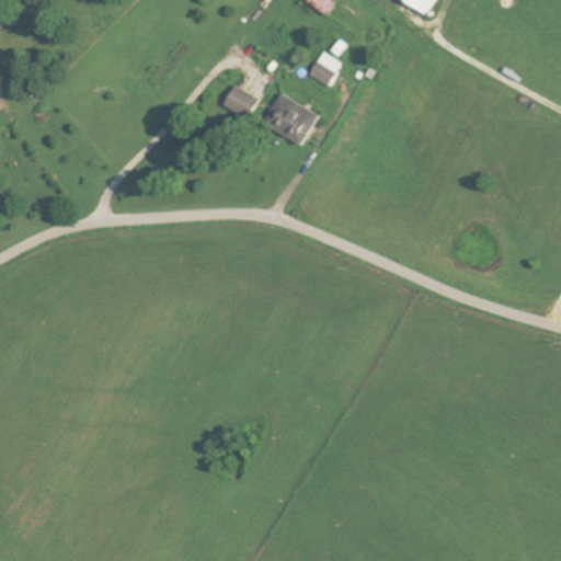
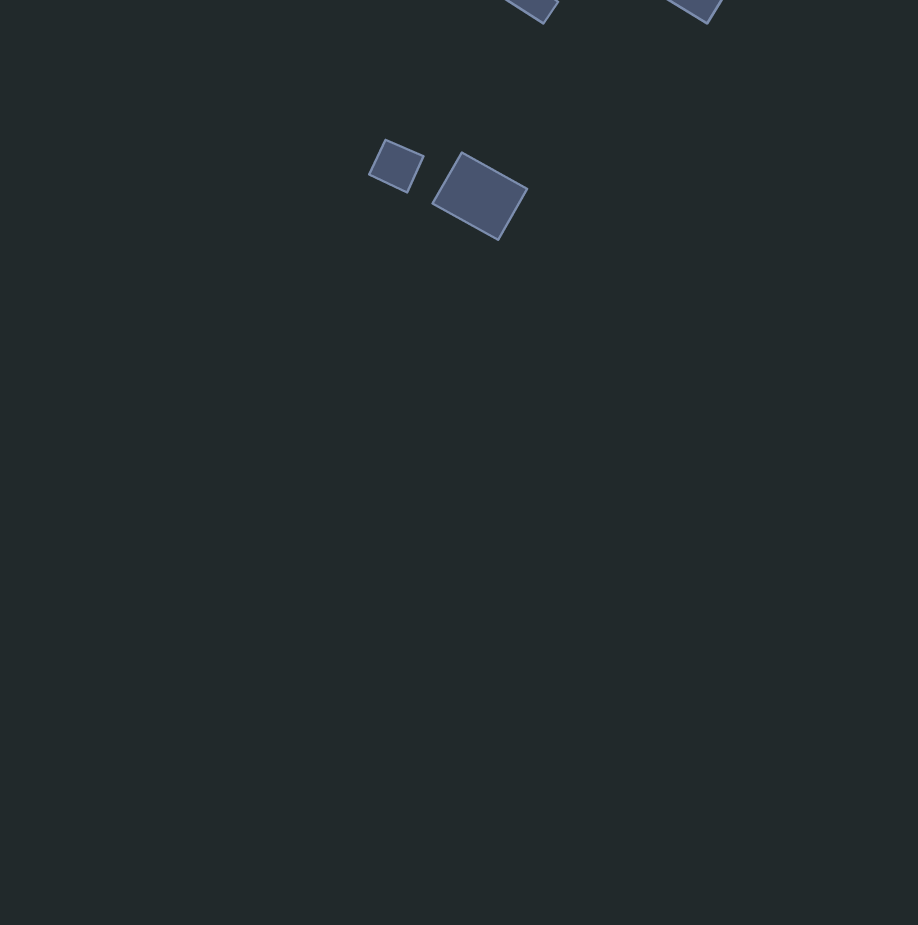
building: [307,49,340,84] -> none

